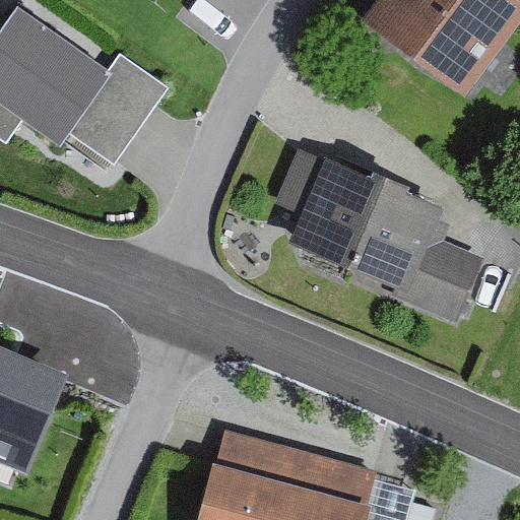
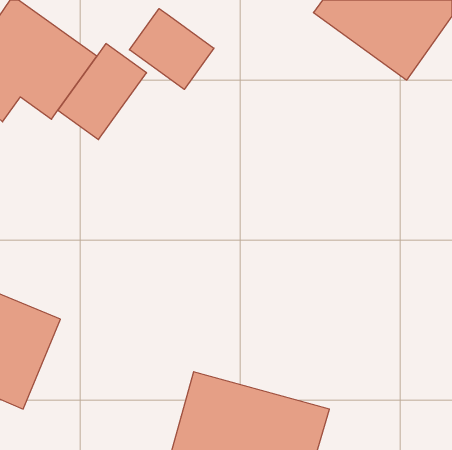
building: none -> [129,9,214,89]
building: [274,149,481,325] -> none

